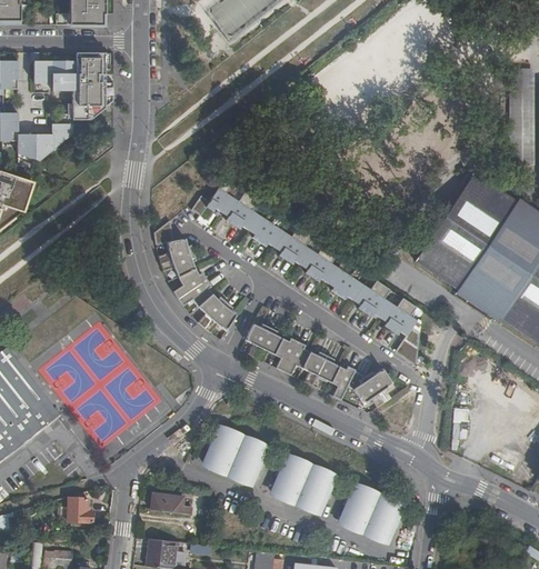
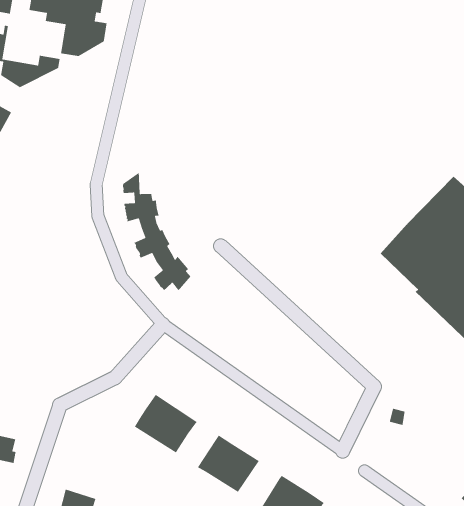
building: [192,178,420,362] -> none
building: [246,322,393,405] -> none
building: [152,497,192,518] -> none

